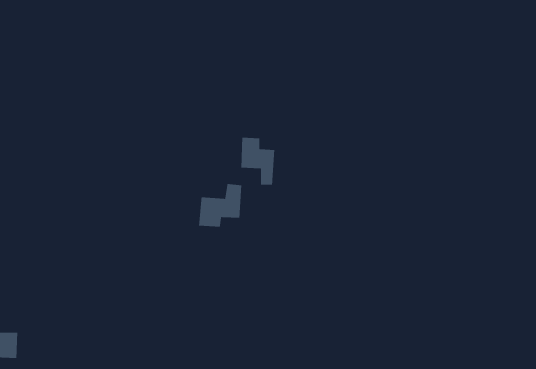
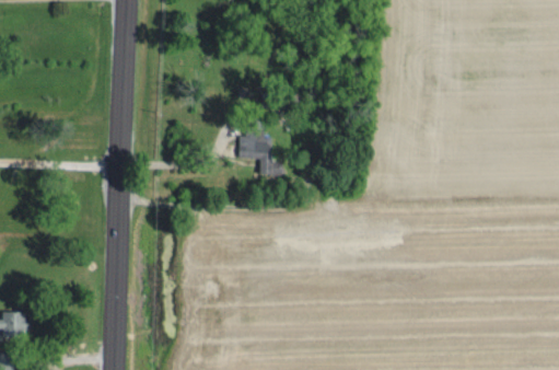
building: [198,183,242,228] -> none

